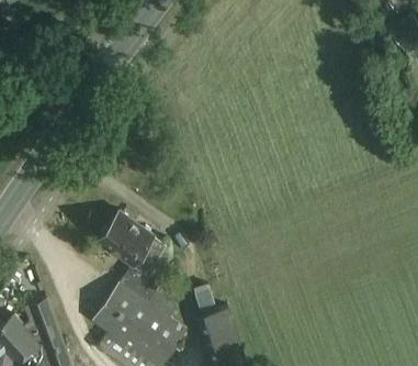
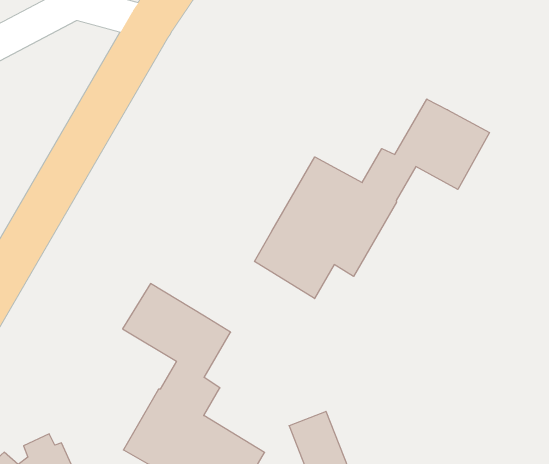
building: none -> [255,99,489,299]

